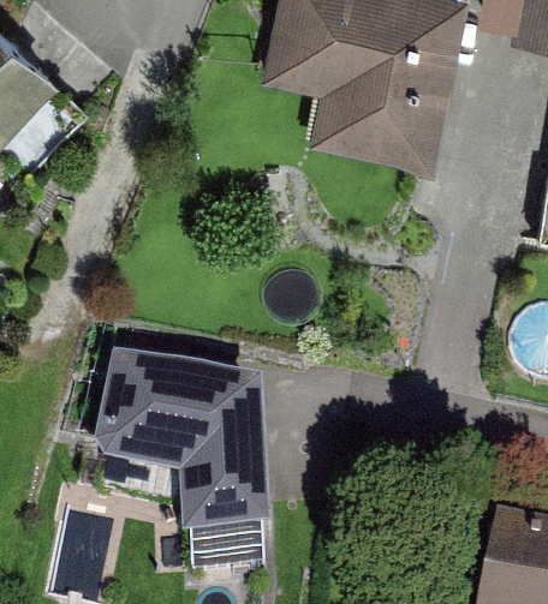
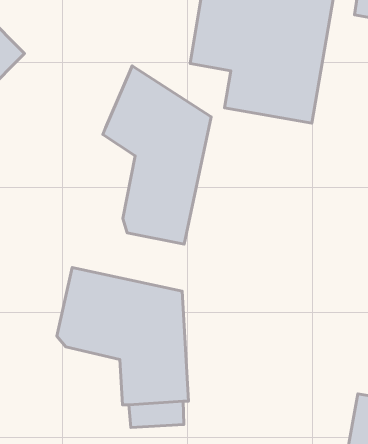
building: none -> [103,66,211,244]

